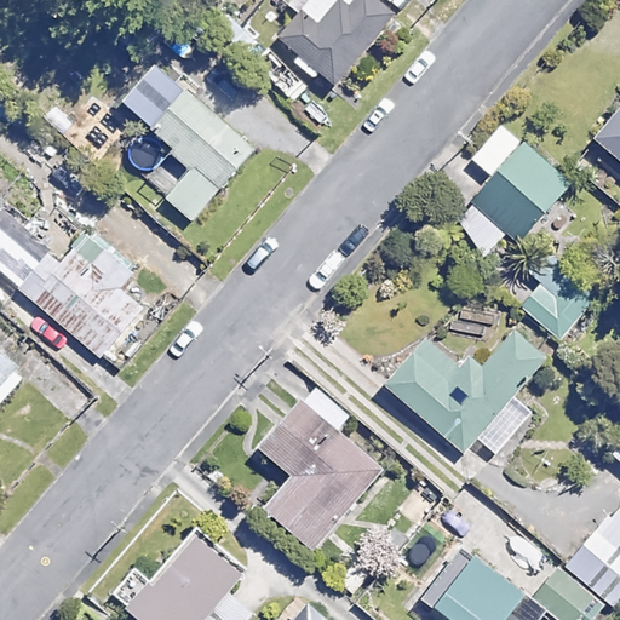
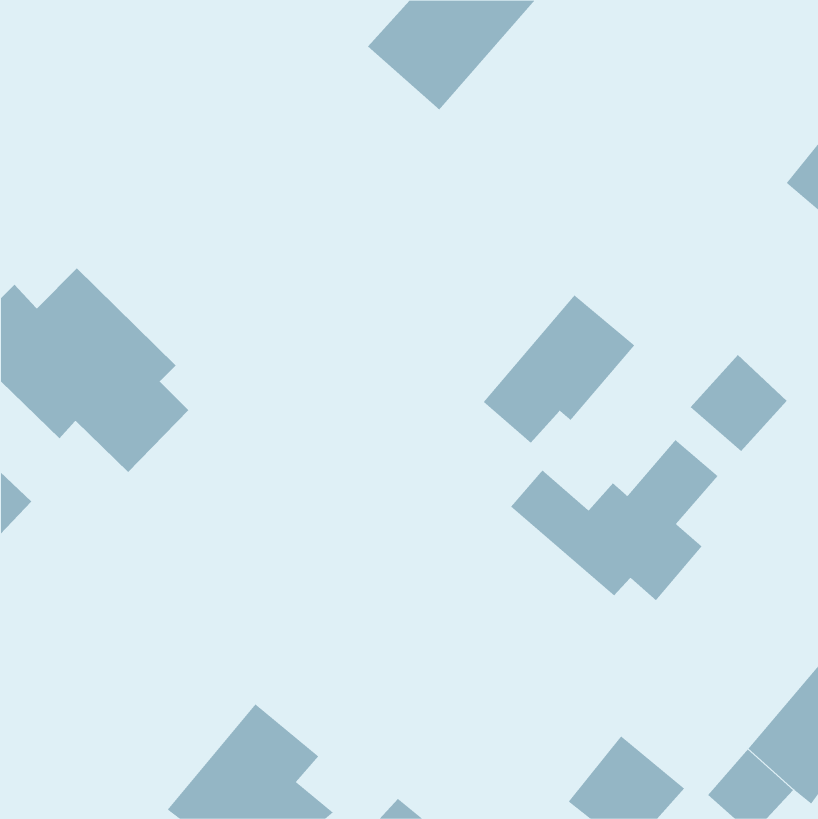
building: [144,86,253,222] -> none
building: [452,143,567,256] -> [483,294,635,443]
building: [257,383,380,550] -> none

